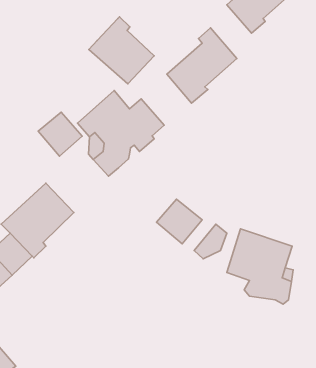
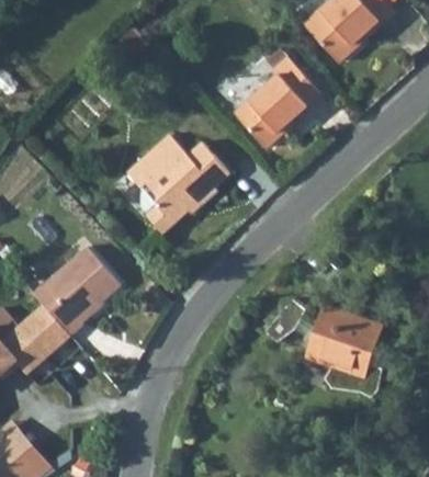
building: [89,17,154,84] -> none
building: [38,112,82,156] -> none
building: [157,199,202,244] -> none

